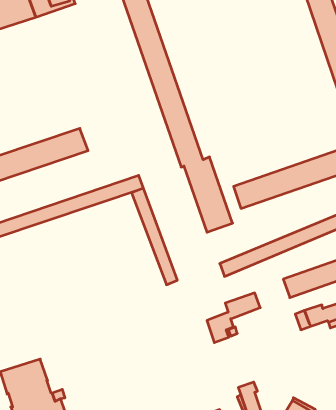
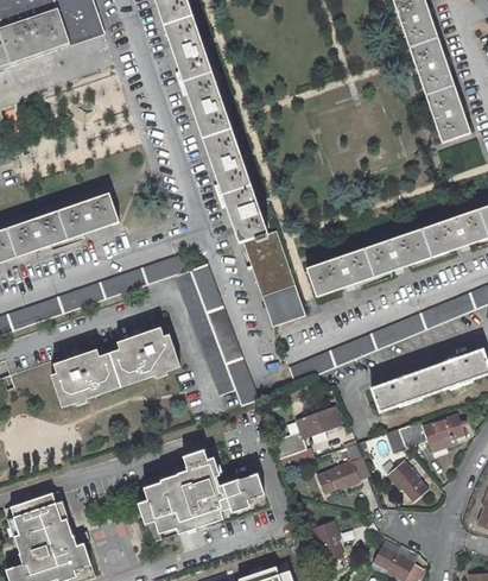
building: none -> [190,263,258,405]
building: none -> [51,327,179,406]
building: none -> [316,443,369,492]
building: none -> [134,446,267,541]
building: none -> [387,460,427,500]

